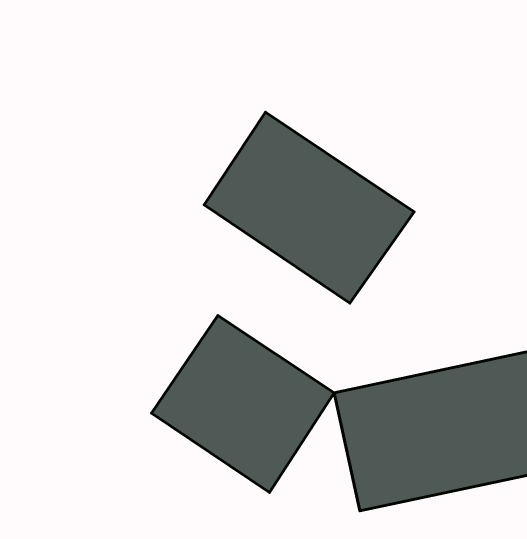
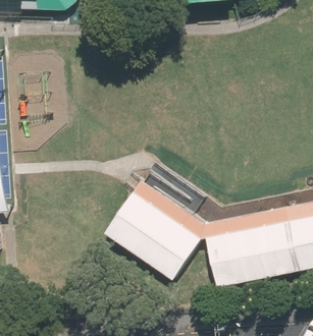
building: [204,112,414,303] -> none

